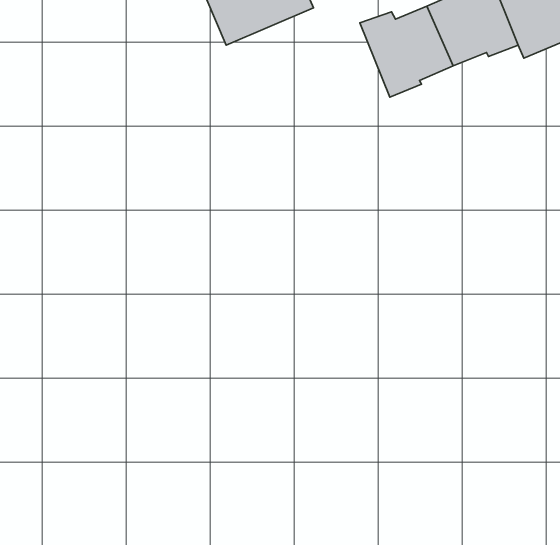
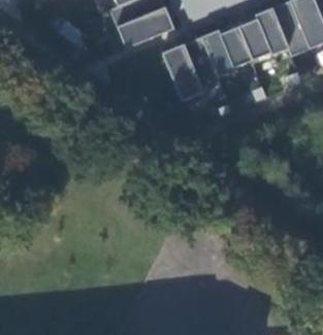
building: none -> [161,37,220,102]

